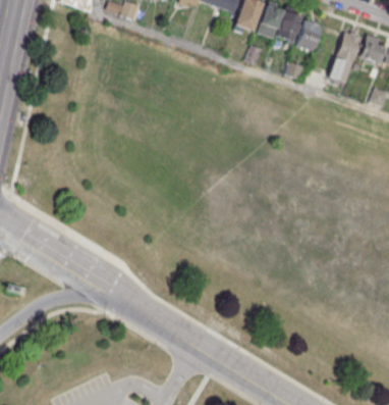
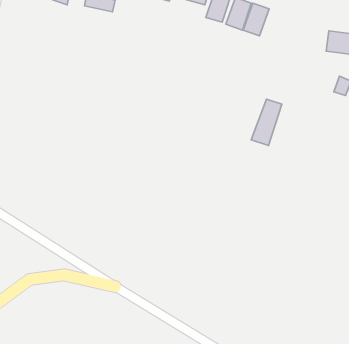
building: [295,17,322,51] -> none
building: [329,31,362,80] -> [251,99,282,145]

